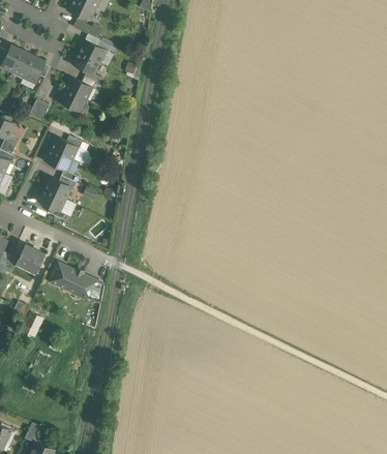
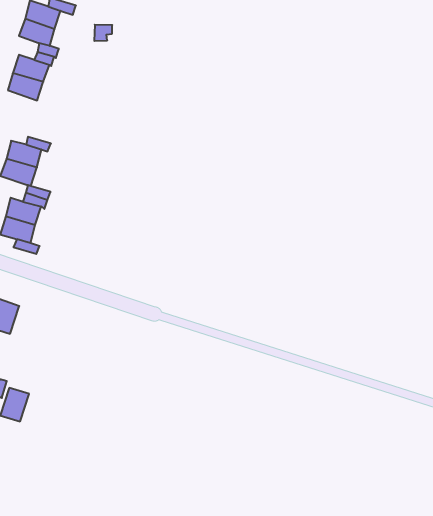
building: [50,263,105,302] -> none

